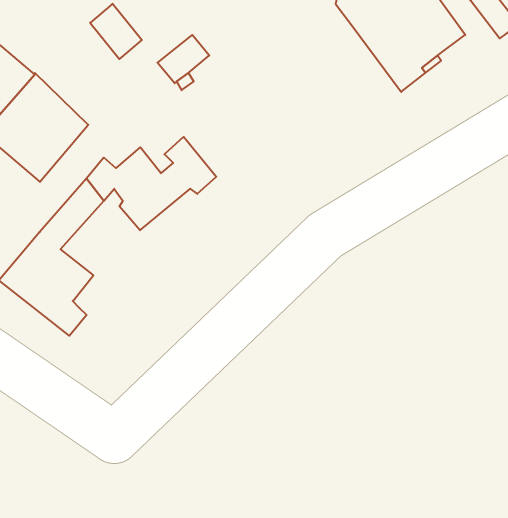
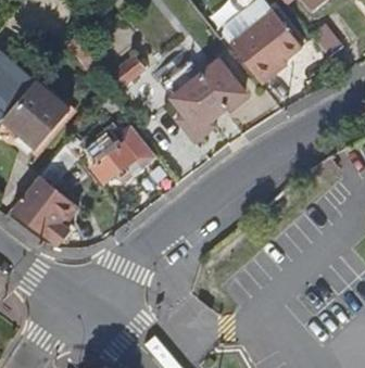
building: none -> [181,59,253,130]

